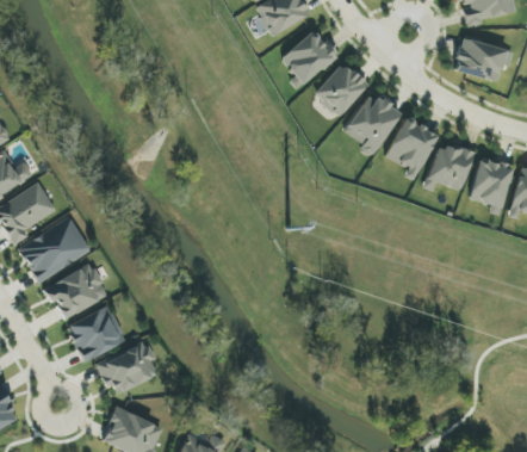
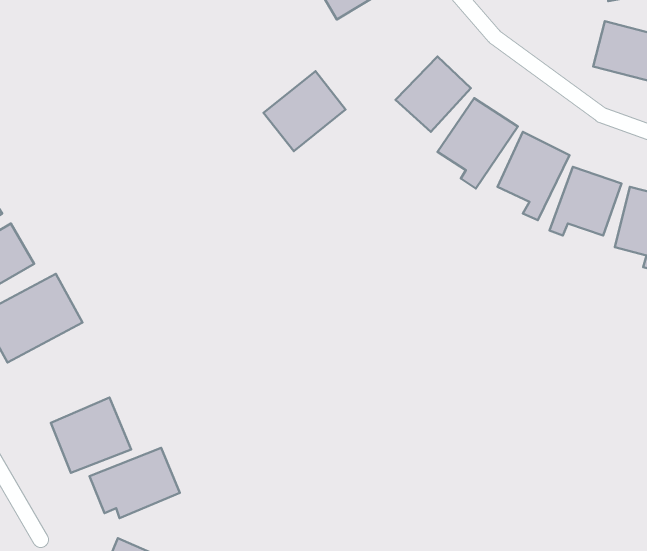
building: [279,29,337,86] -> [264,71,346,151]
building: [43,264,108,318] -> none

